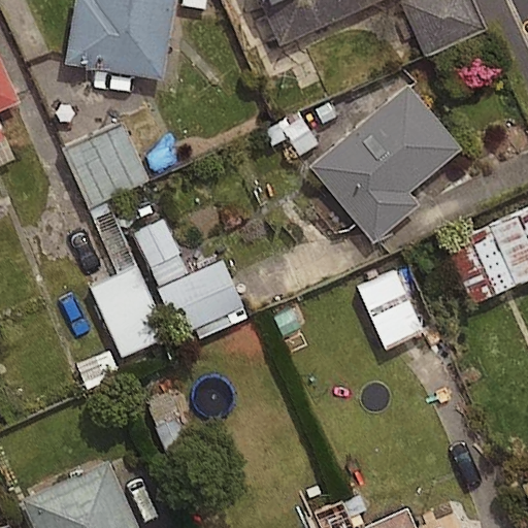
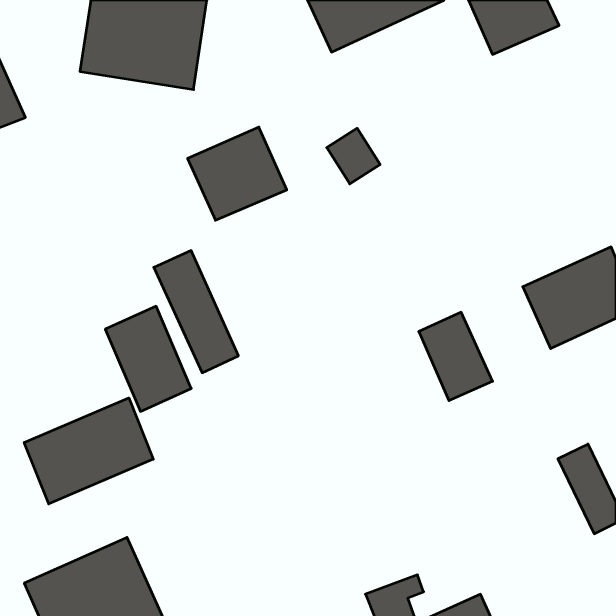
building: [312,86,463,241] -> none
building: [62,122,146,201] -> [188,127,287,220]
building: none -> [24,398,153,504]

